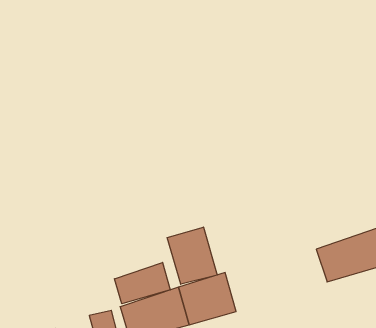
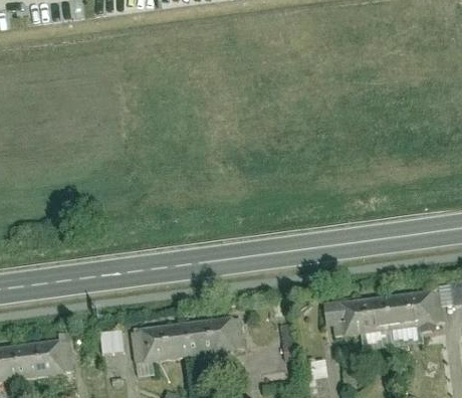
building: [167,227,217,284] -> none
building: [114,262,170,304] -> none

